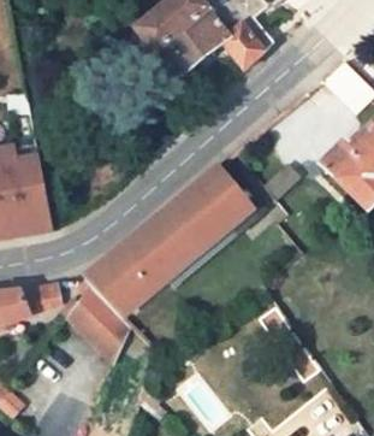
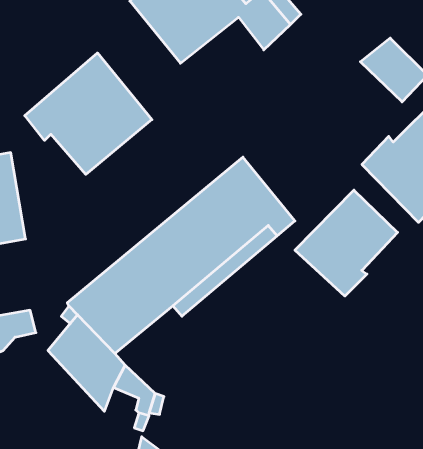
building: none -> [25,53,152,174]
building: none -> [295,190,398,296]

